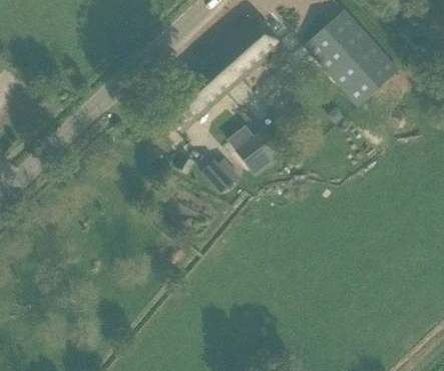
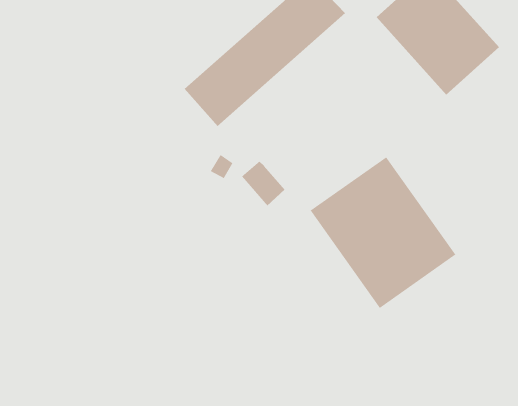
building: [236,125,282,168] -> none
building: none -> [310,156,456,309]

